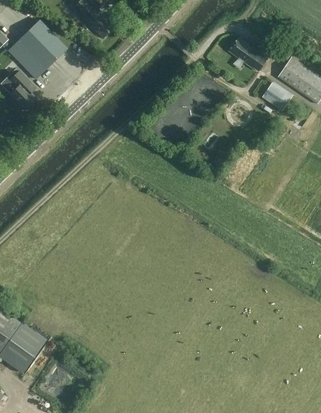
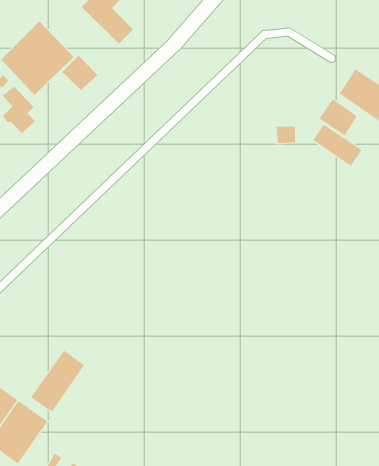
building: [228,37,268,71] -> [312,124,363,166]
building: none -> [61,55,98,91]
building: none -> [30,350,85,413]

